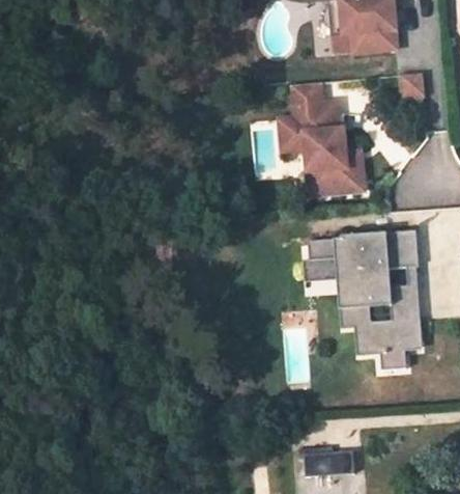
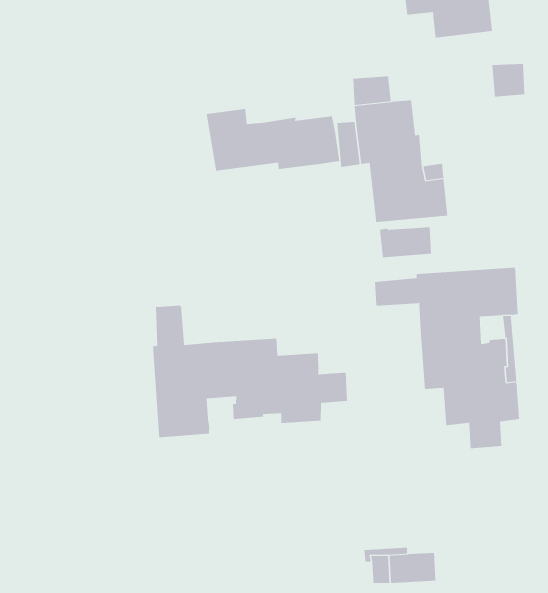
building: none -> [206,108,340,171]
building: [303,258,343,282] -> [379,227,432,258]
building: none -> [153,305,348,438]

